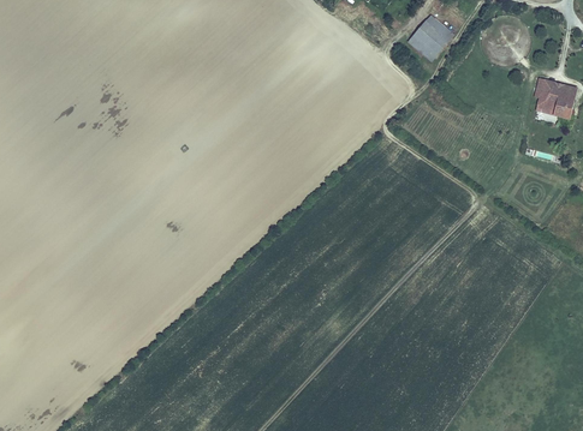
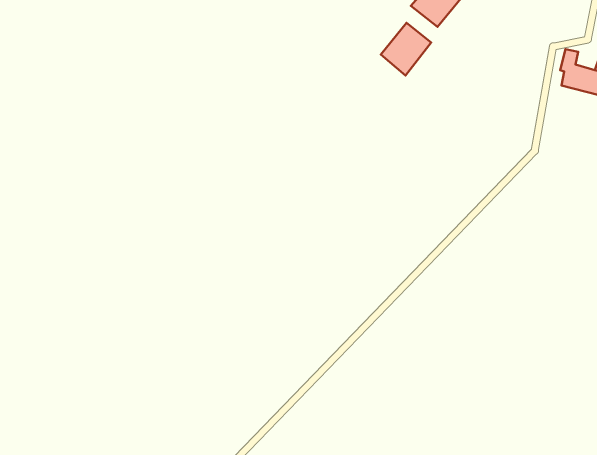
building: none -> [381,23,431,76]

